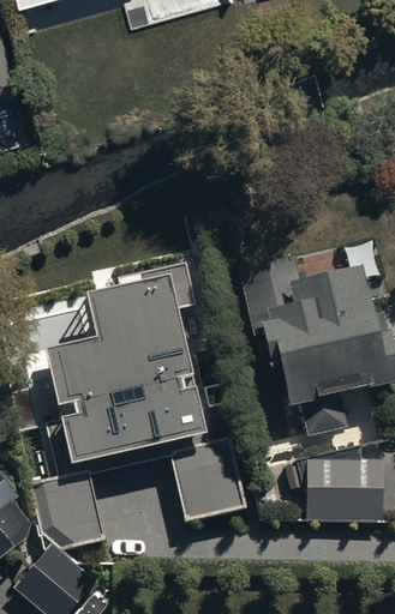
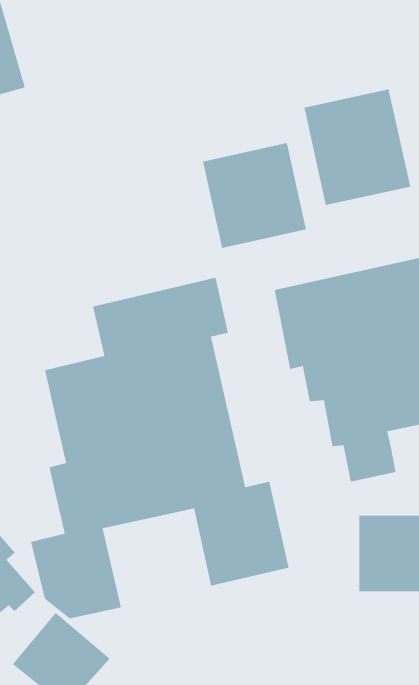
building: none -> [303,88,411,206]
building: none -> [202,142,307,249]

